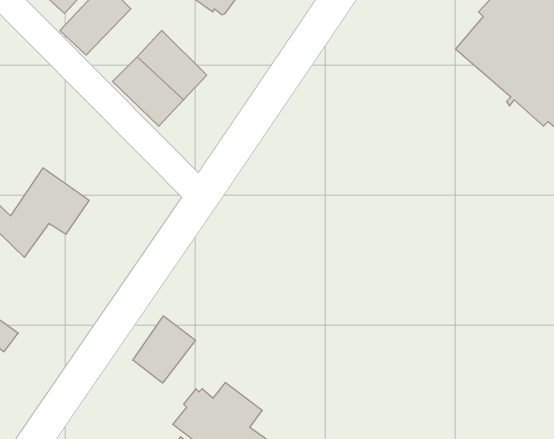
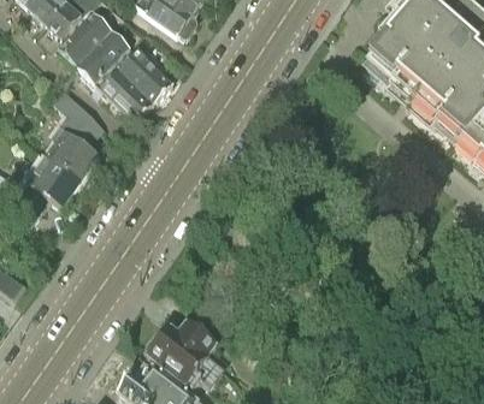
building: none -> [77,32,134,89]
building: none -> [43,90,100,182]
building: [133,316,196,383] -> none

